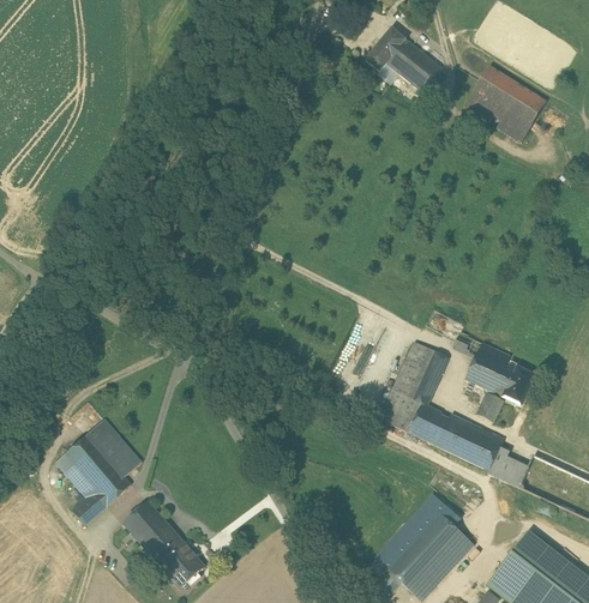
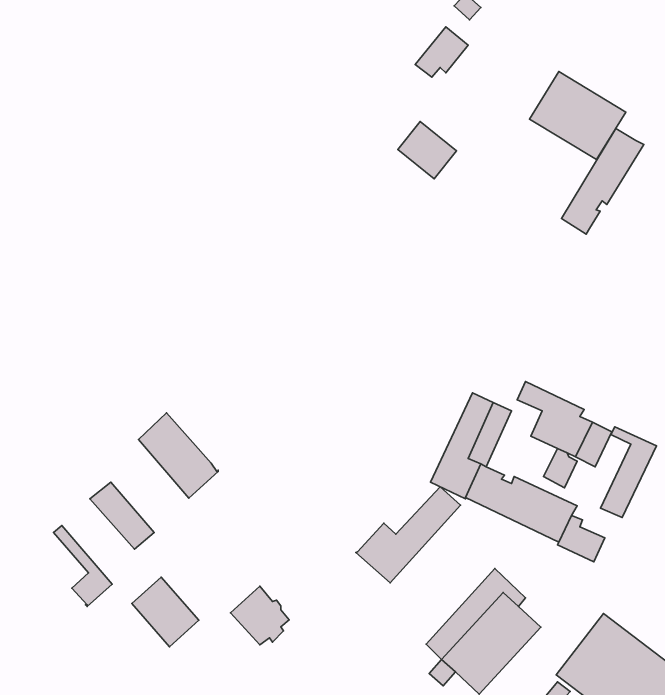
building: [392,43,443,92] -> [398,122,456,179]
building: none -> [561,128,644,234]
building: none -> [601,427,656,517]
building: none -> [356,487,461,583]
building: [62,433,131,506] -> [139,413,218,498]
building: [155,537,205,587] -> [231,586,289,645]

